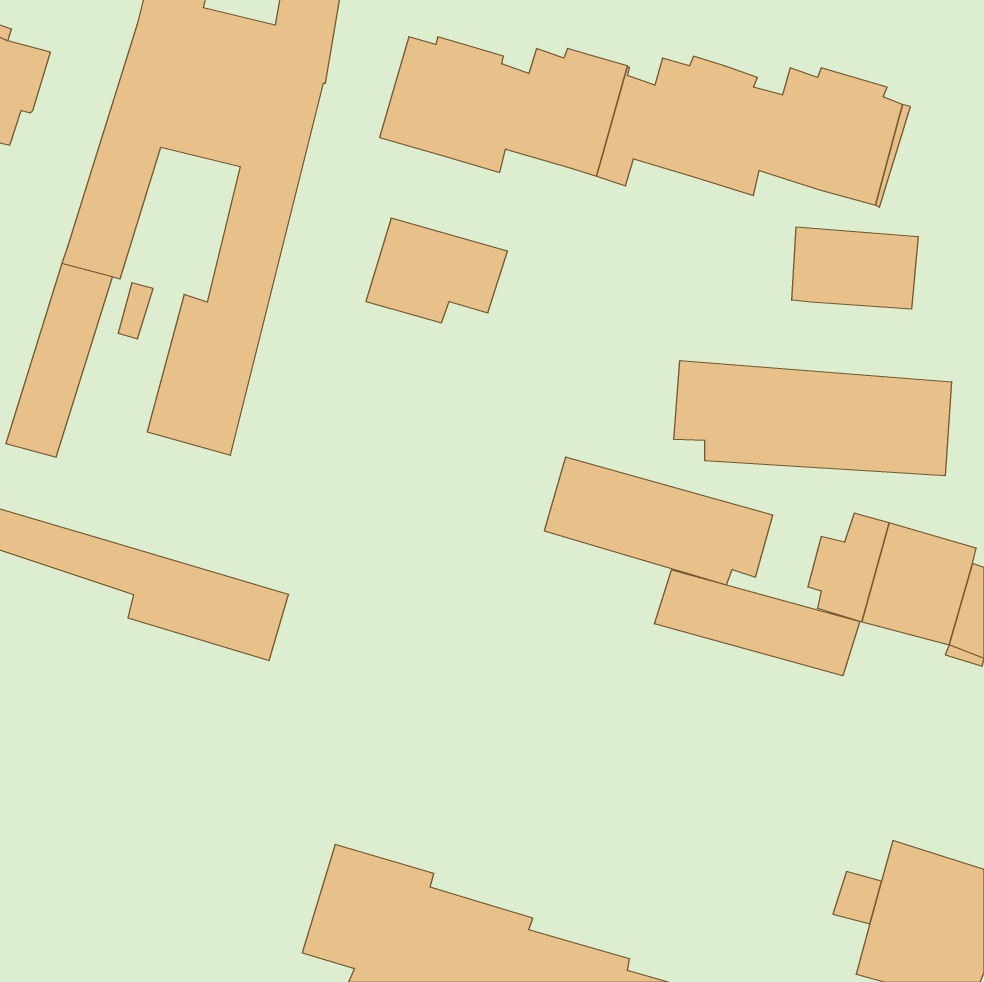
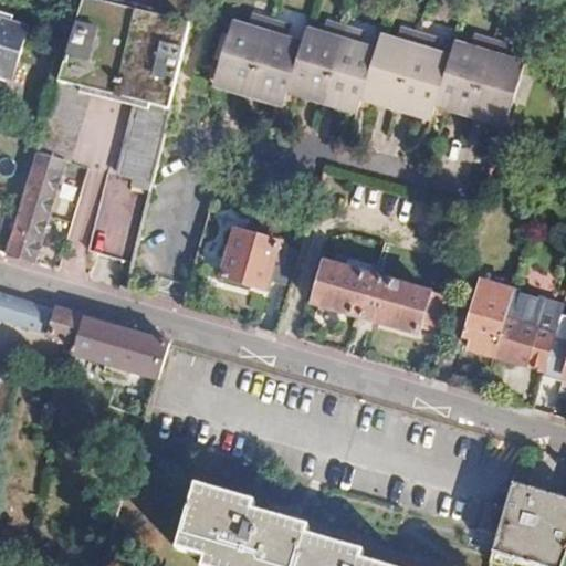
building: [366,218,507,323] -> [219,229,300,289]
building: [792,227,918,309] -> none
building: [674,360,952,476] -> none
building: [654,570,860,676] -> none

